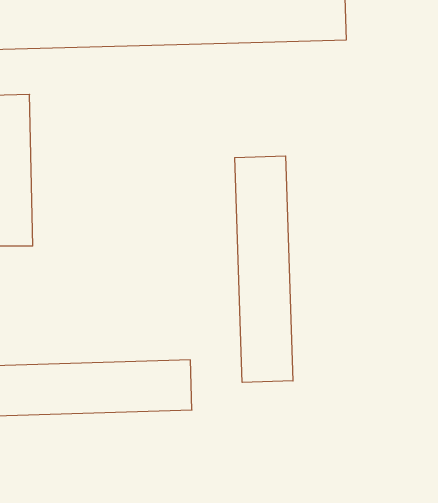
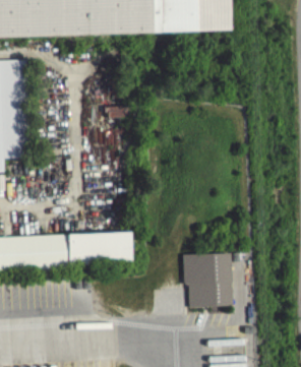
building: [235,156,293,382] -> none
building: none -> [183,256,233,310]

